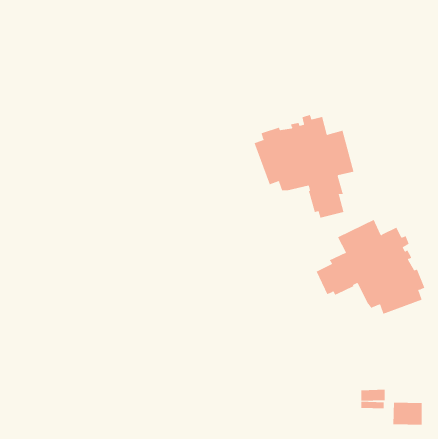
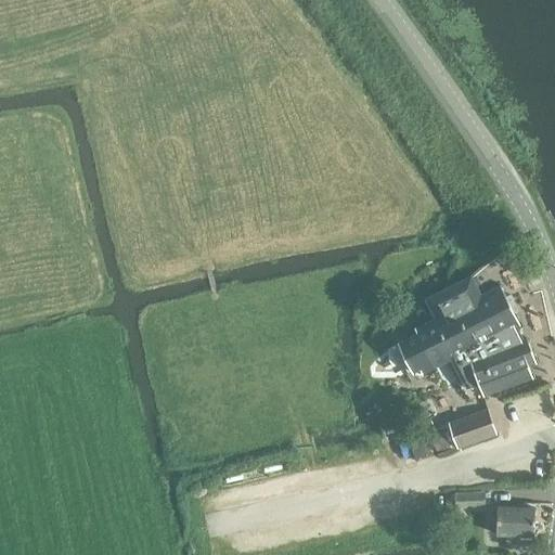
building: [254,114,354,219] -> none
building: none -> [425,410,495,454]

